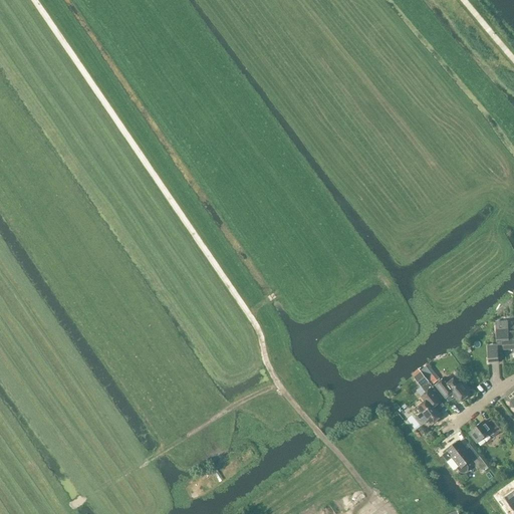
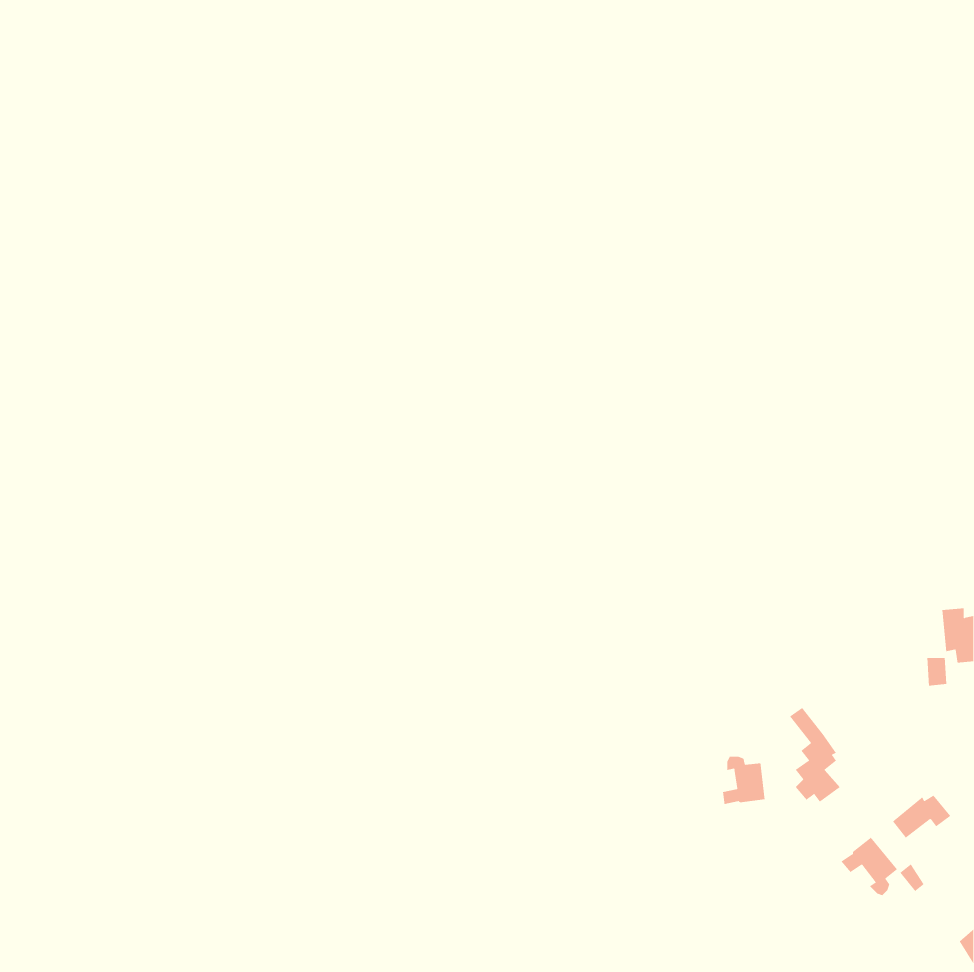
building: [436,376,470,402] -> none
building: none -> [723,756,765,805]

